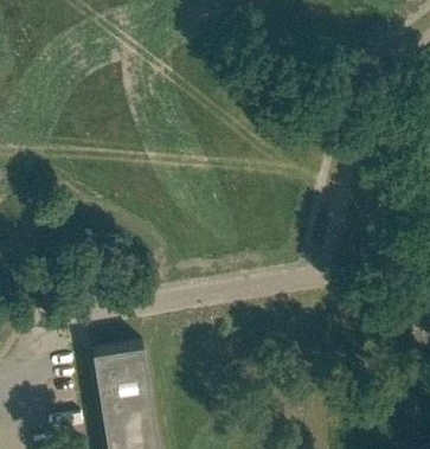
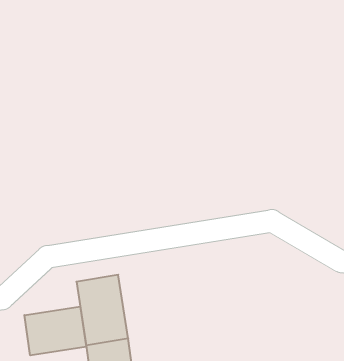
building: none -> [24,306,86,355]

